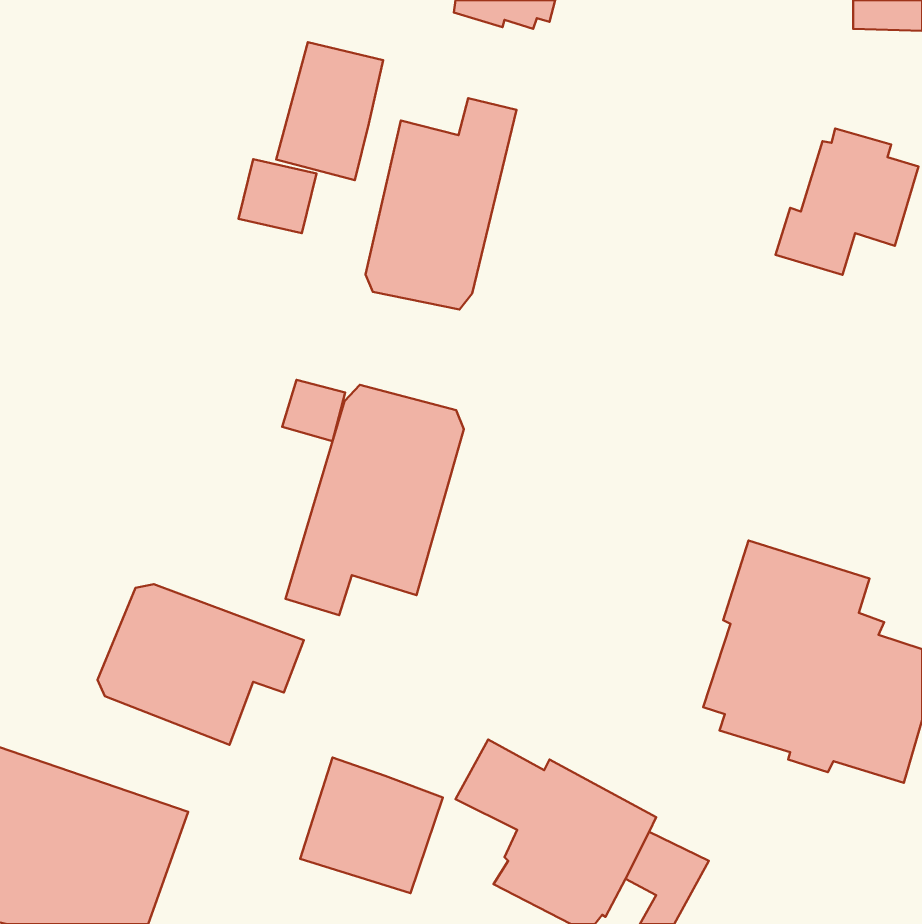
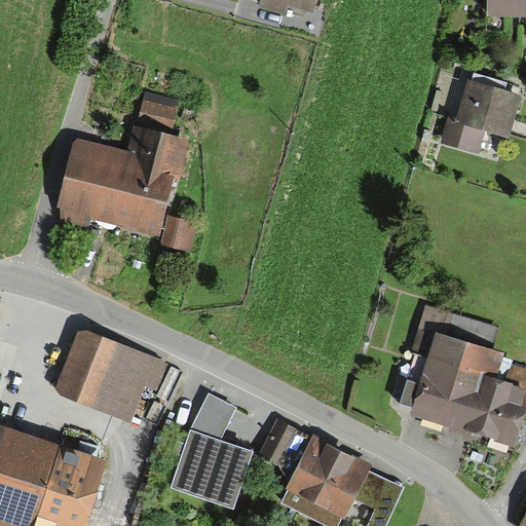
building: [276,42,383,180] -> none
building: [365,98,516,309] -> none
building: none -> [57,127,190,237]
building: [286,385,464,615] -> none
building: none -> [189,393,237,441]

